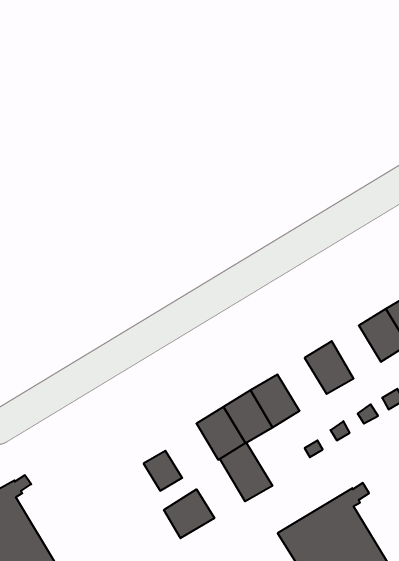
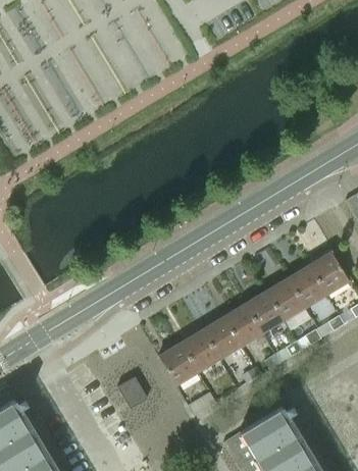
building: none -> [269,277,308,319]
building: none -> [226,303,265,345]
building: [220,443,272,501] -> none
building: [164,489,214,538] -> none

